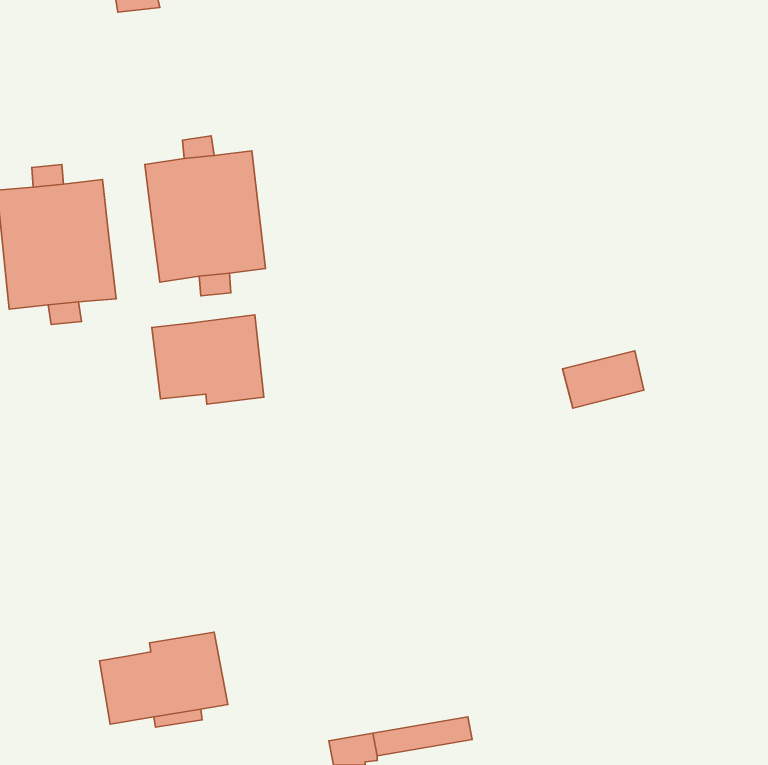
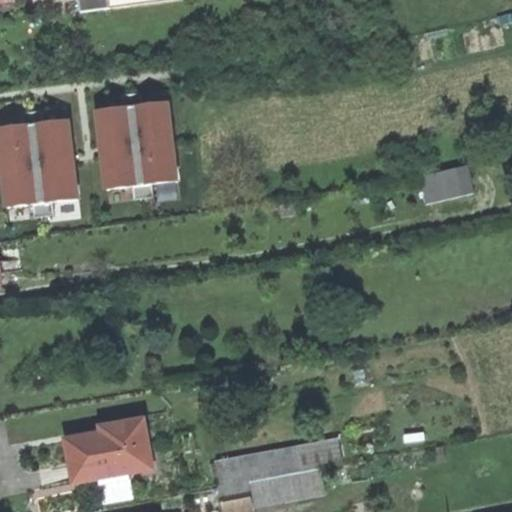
building: [152,315,264,404] -> none
building: [562,351,644,408] -> [417,163,471,201]
building: none -> [214,439,338,484]

